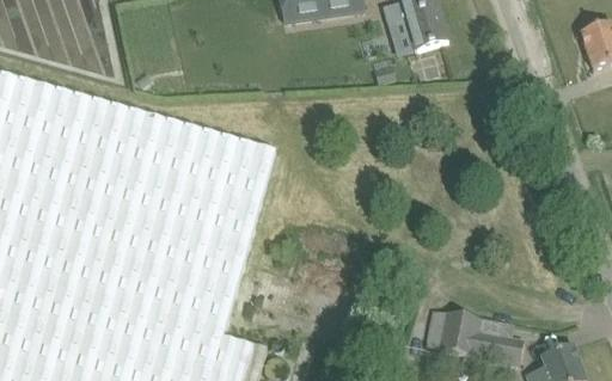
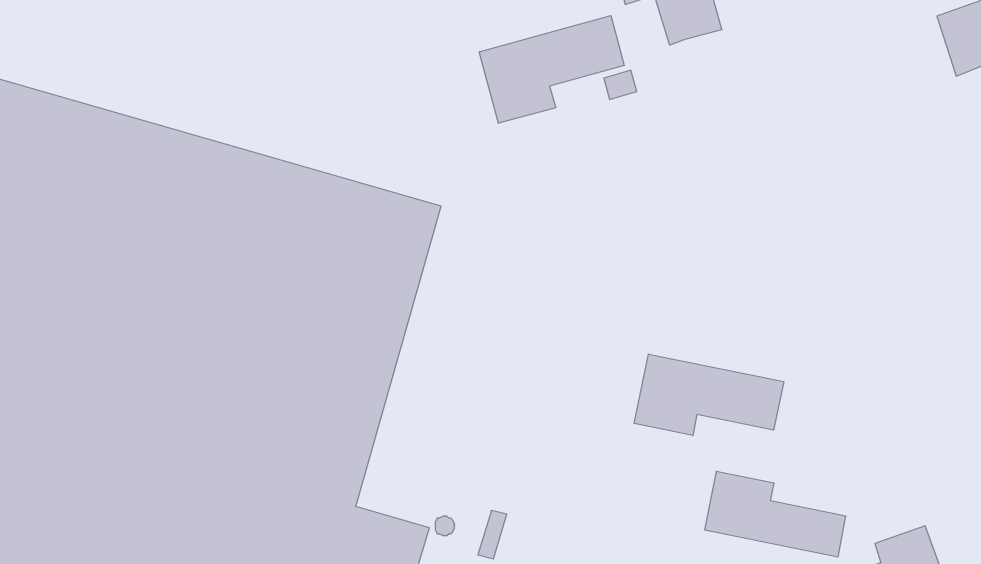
building: none -> [479,16,624,123]
building: none -> [634,354,784,436]

